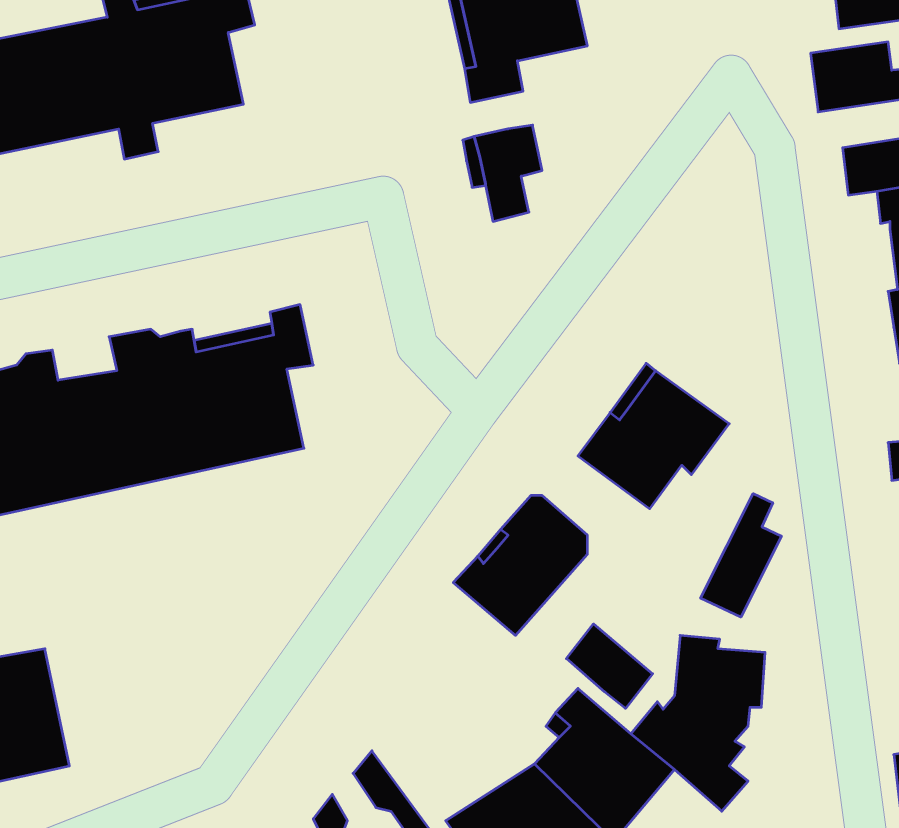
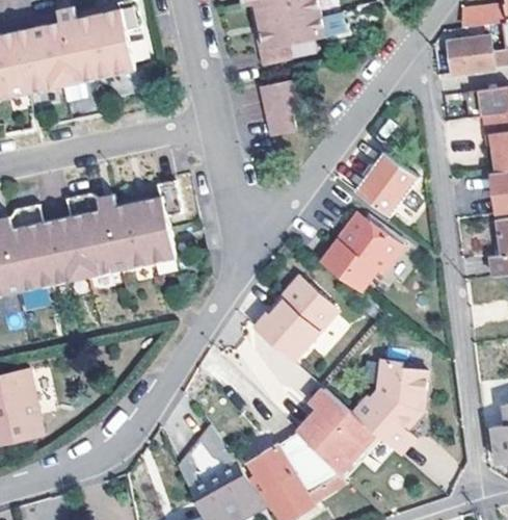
building: none -> [357,150,423,215]
building: [701,494,781,617] -> none
building: [566,624,653,708] -> none

